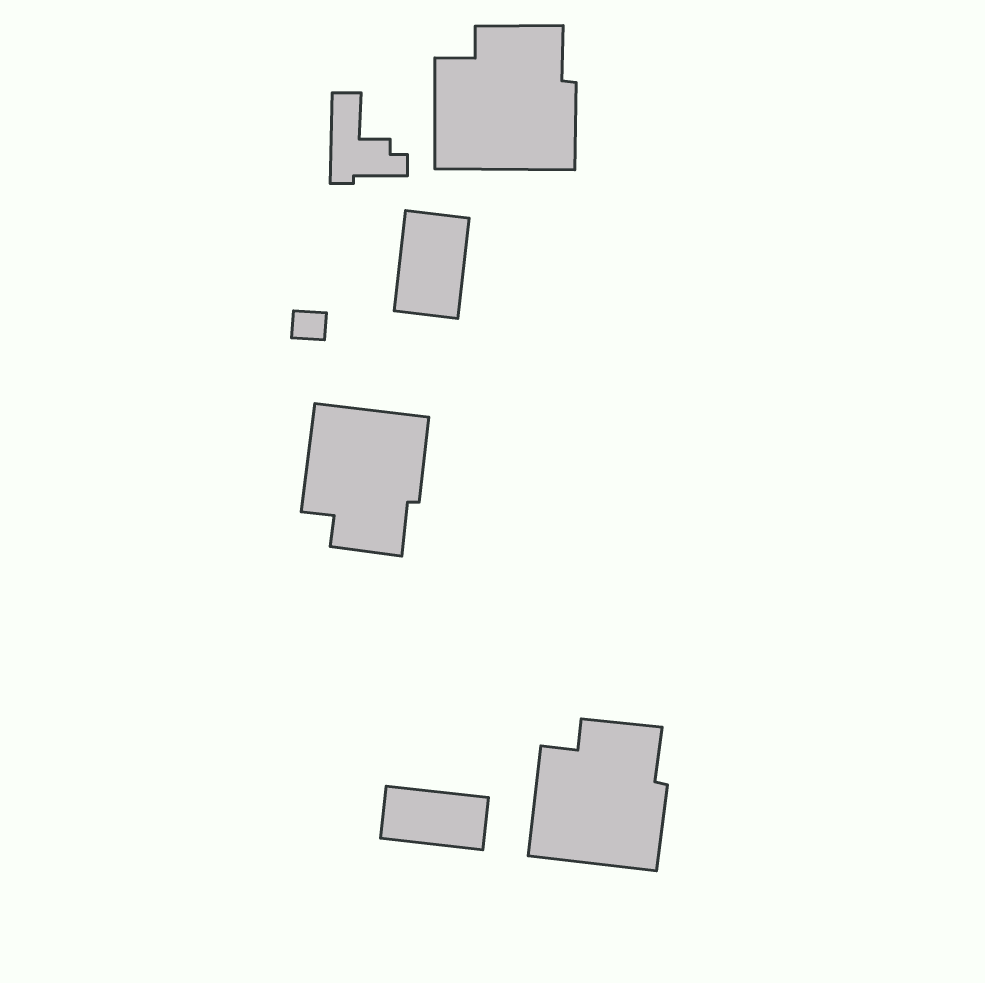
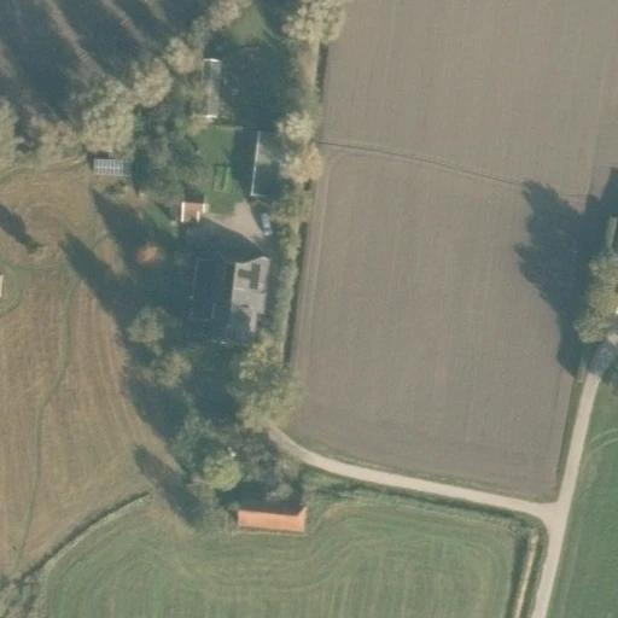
building: [435,25,576,170] -> none
building: [528,719,667,871] -> none

